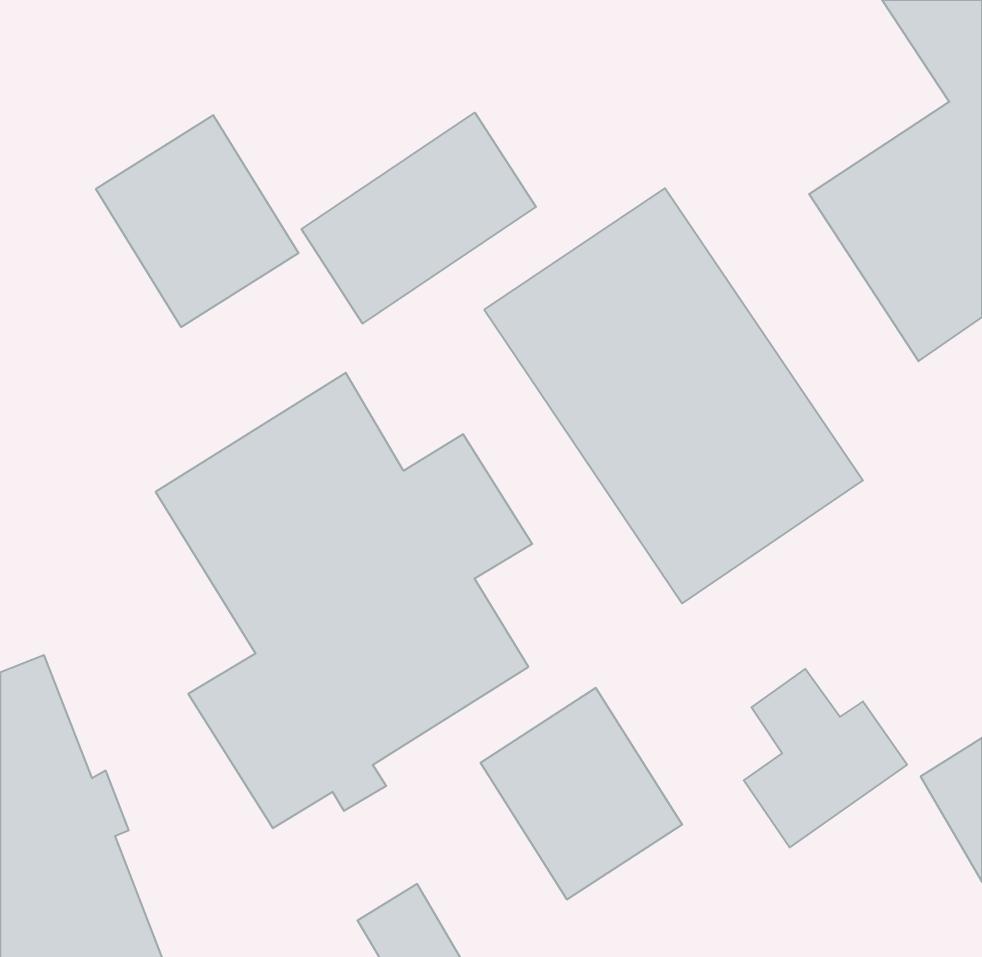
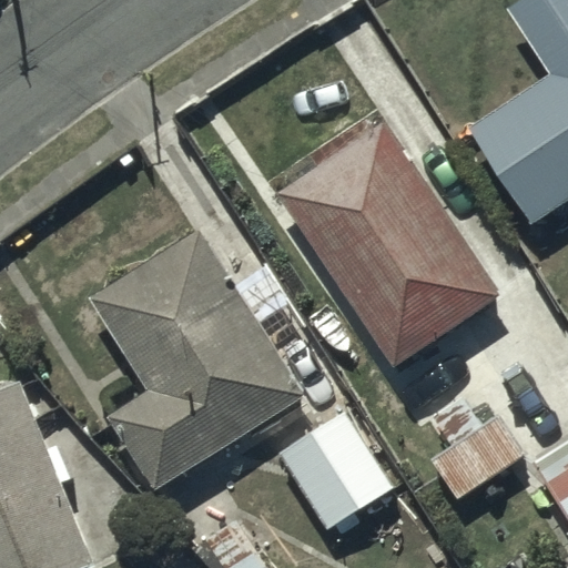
building: [301,113,536,324] -> none
building: [96,115,298,327] -> none

